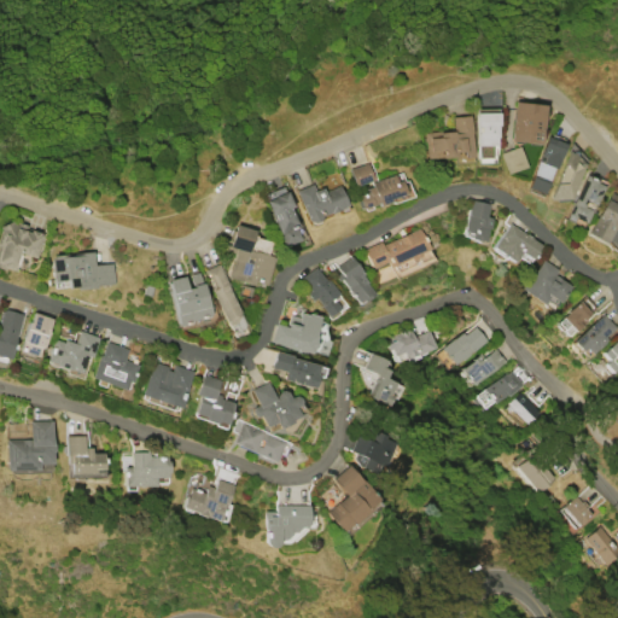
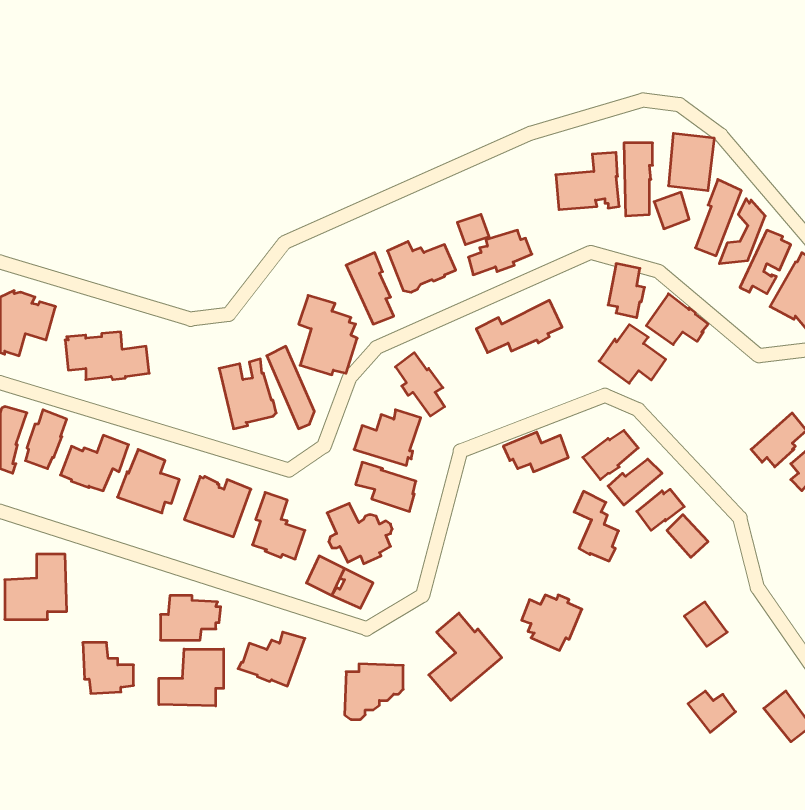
building: [339,258,377,303] -> none
building: [523,262,573,307] -> [599,325,666,383]
building: [559,297,600,333] -> none
building: [367,354,401,407] -> [574,491,619,561]
building: [354,433,400,476] -> [522,595,582,650]
building: [69,437,107,476] -> [83,643,134,693]
building: none -> [159,649,224,706]
building: [564,497,600,529] -> [688,691,736,732]

